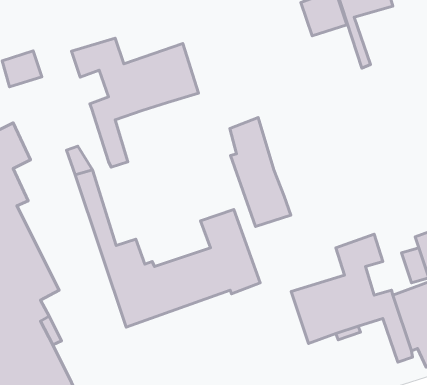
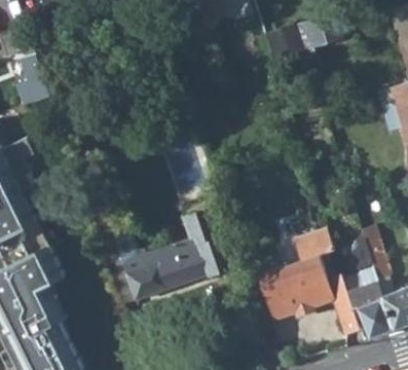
building: [72,38,198,167] -> none
building: [230,117,291,227] -> none

